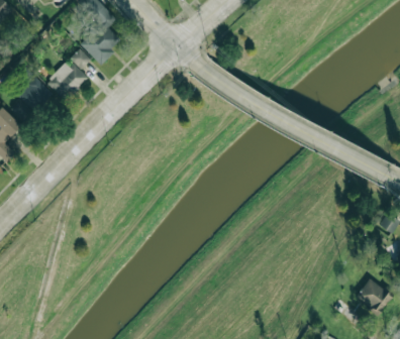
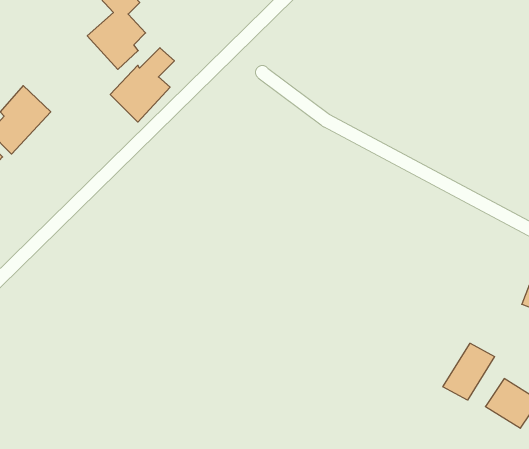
building: [46,49,91,101] -> [110,48,174,122]
building: none -> [443,343,495,400]

